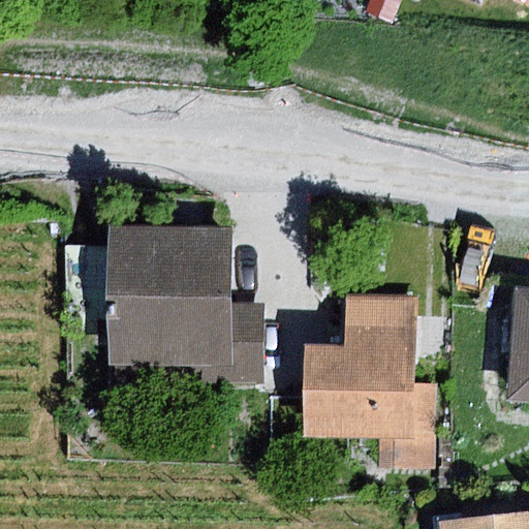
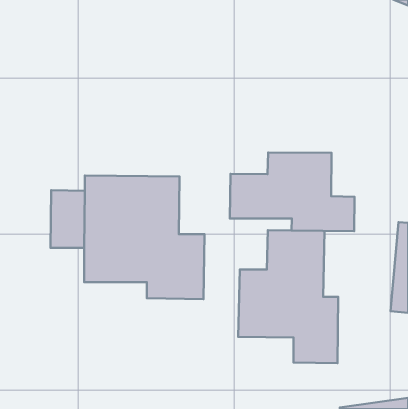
building: none -> [230,153,354,231]

